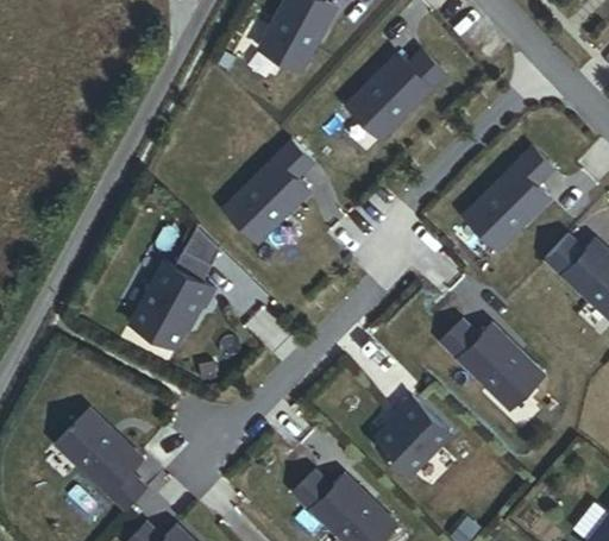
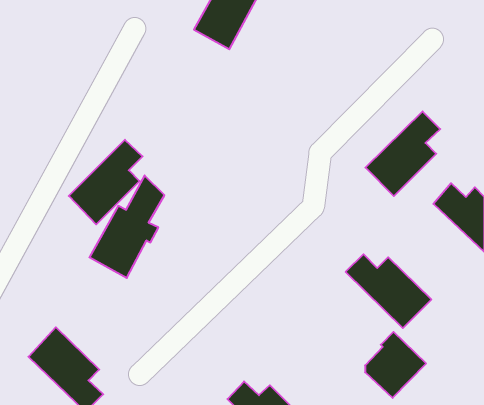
building: [345,52,444,140] -> none
building: [225,141,314,244] -> [69,140,143,224]
building: [378,395,452,474] -> [365,332,426,398]

